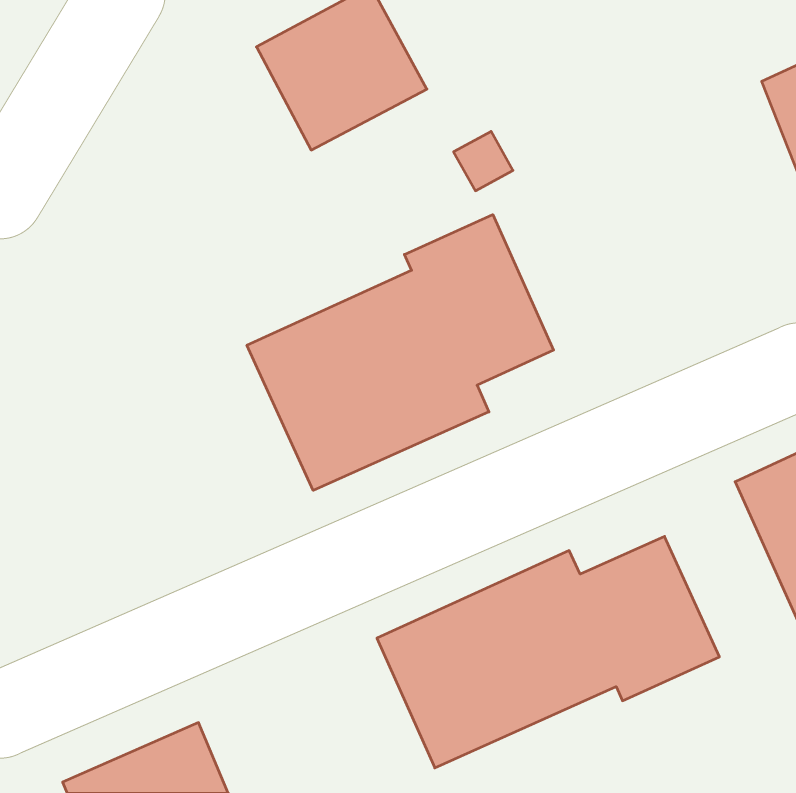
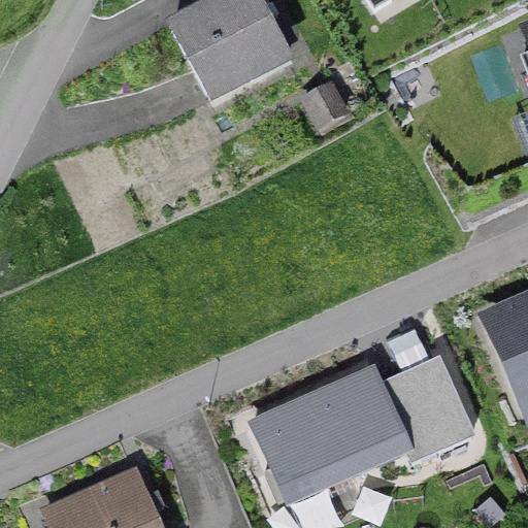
building: [247,215,554,490] -> none

